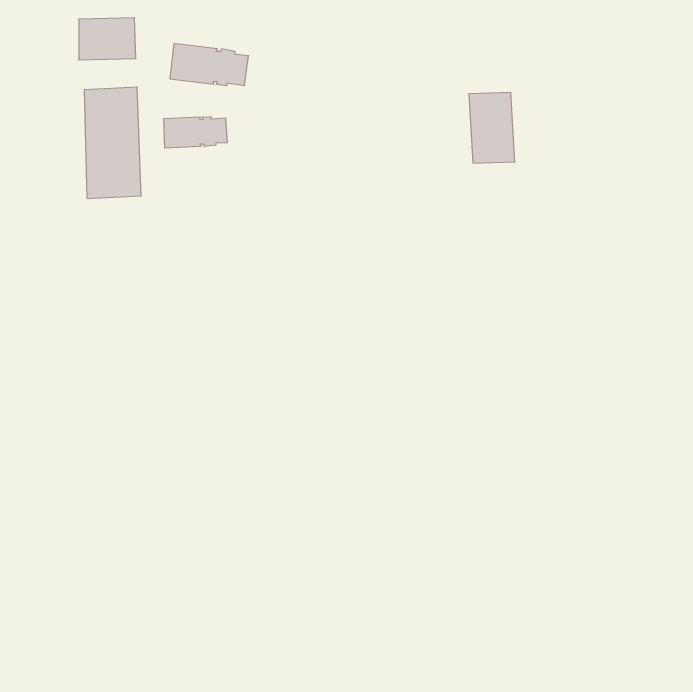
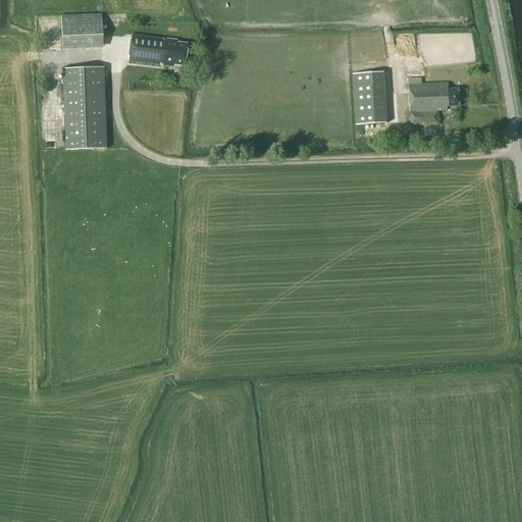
building: none -> [411,76,461,124]
building: [164,117,227,148] -> none

